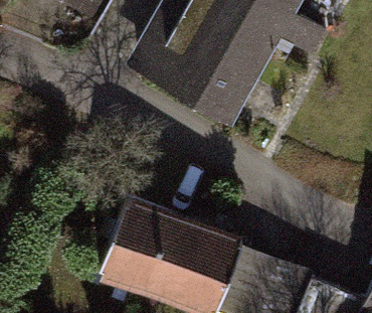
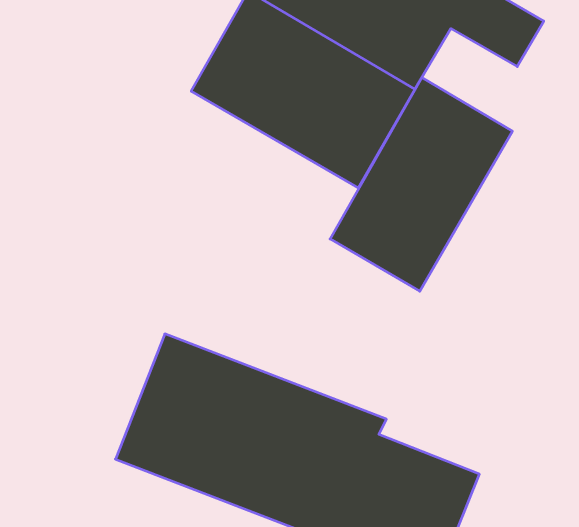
building: none -> [330,78,512,291]

